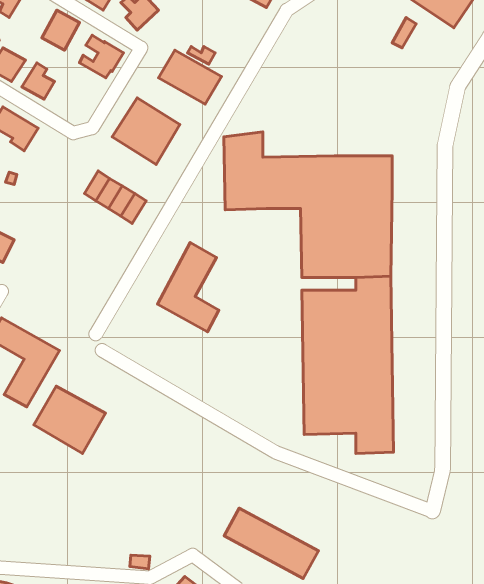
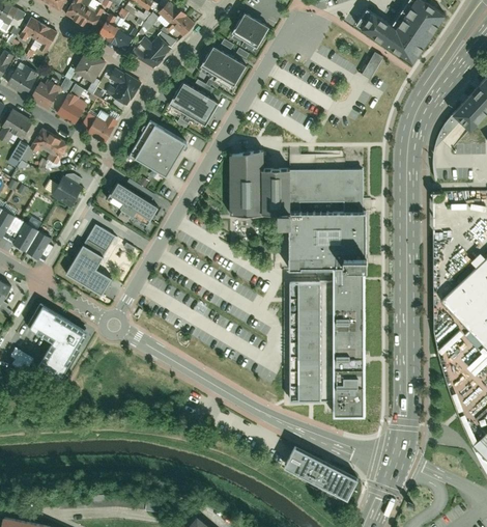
building: none -> [202,46,248,86]
building: none -> [84,116,115,140]
building: none -> [52,177,82,205]
building: [157,243,219,332] -> [67,224,118,298]
building: [34,386,105,454] -> none
building: [224,508,318,579] -> [279,443,356,501]

